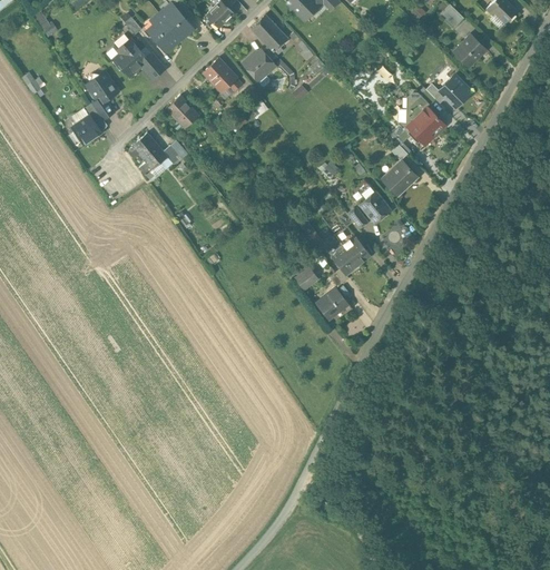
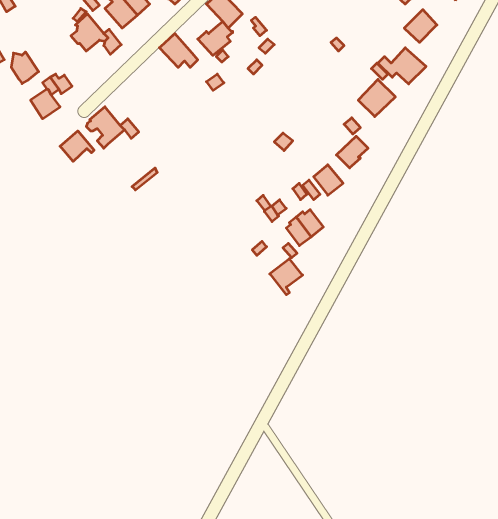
building: [90,71,118,104] -> [11,52,39,84]
building: [166,95,199,128] -> none
building: none -> [60,131,94,161]

